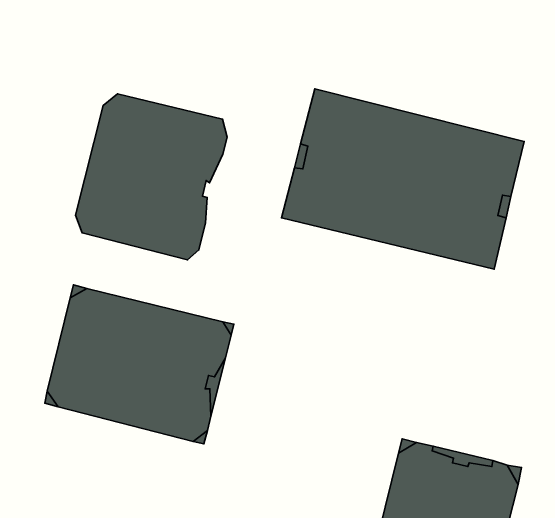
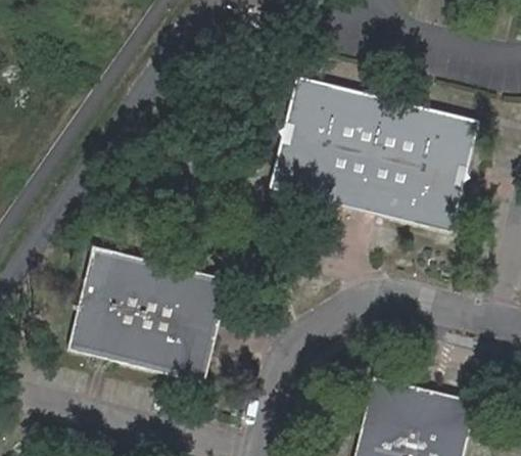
building: [75,94,227,260] -> none

